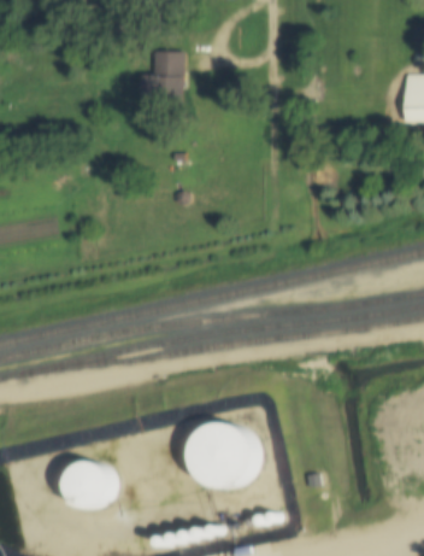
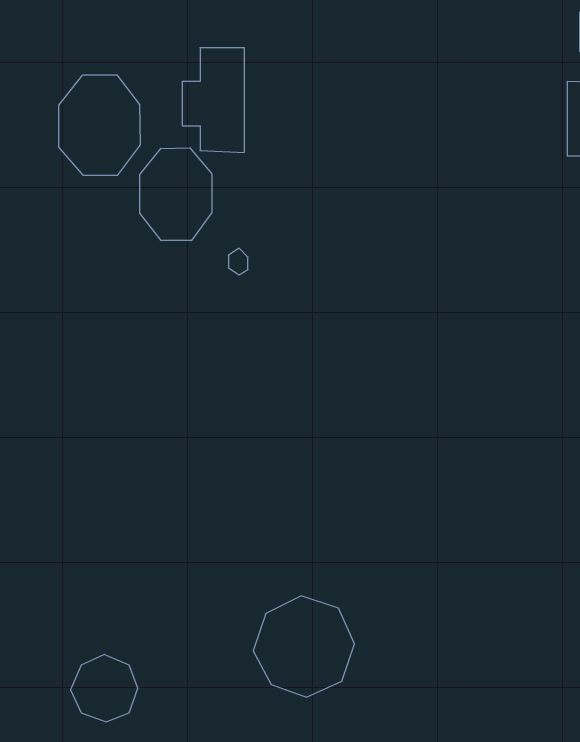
building: none -> [59,75,140,175]
building: none -> [140,148,212,241]

